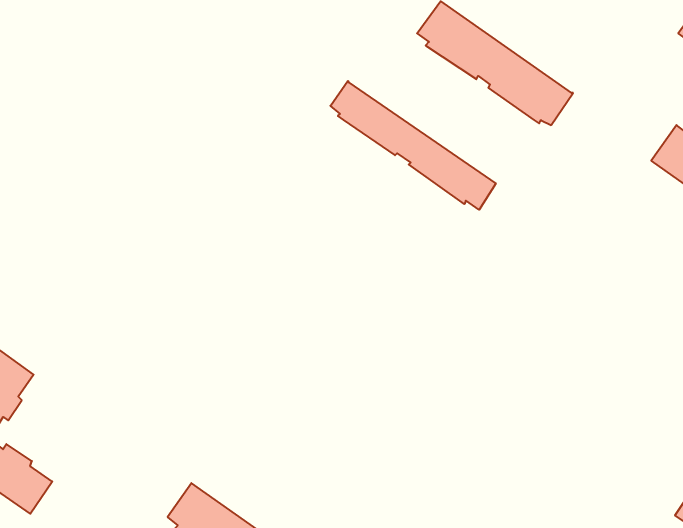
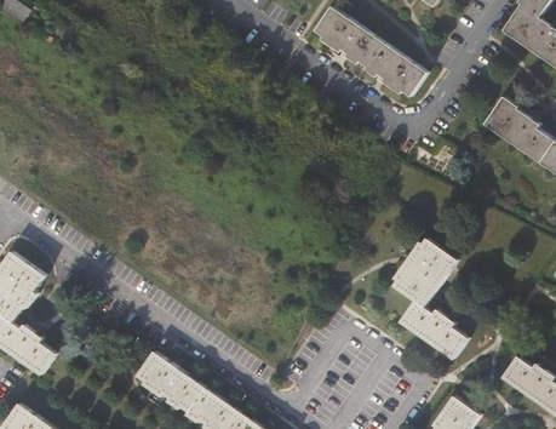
building: [330,81,496,210] -> none
building: none -> [394,238,469,358]

